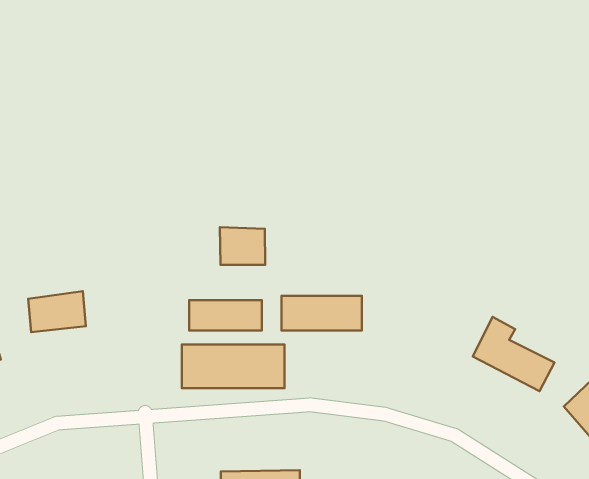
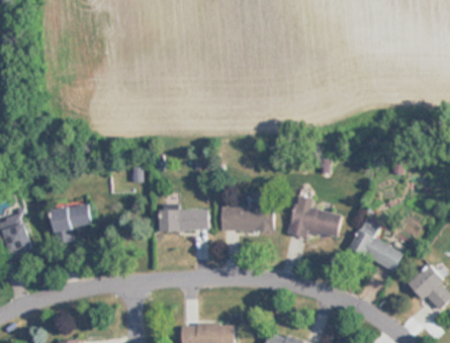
building: [220,227,265,265] -> none
building: none -> [287,203,341,237]
building: [182,345,284,388] -> none

